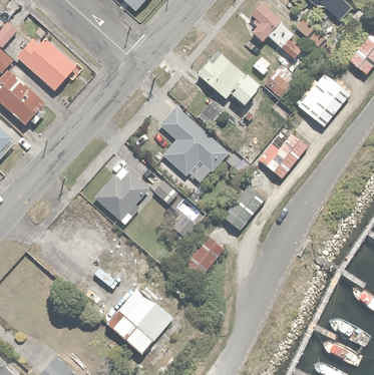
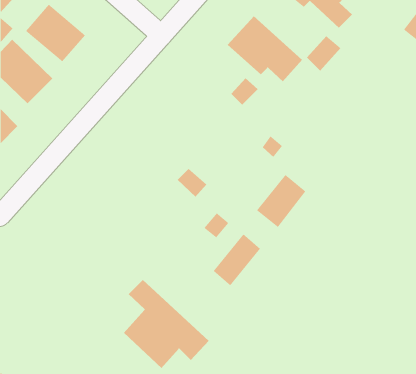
building: [297,71,352,127] -> none
building: [160,107,230,174] -> none
building: [264,131,310,180] -> none
building: [93,170,148,220] -> none

